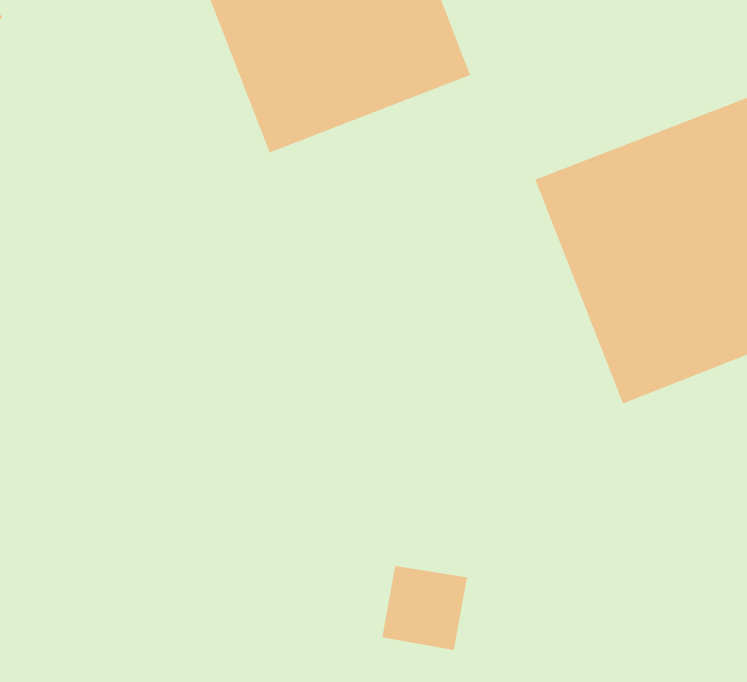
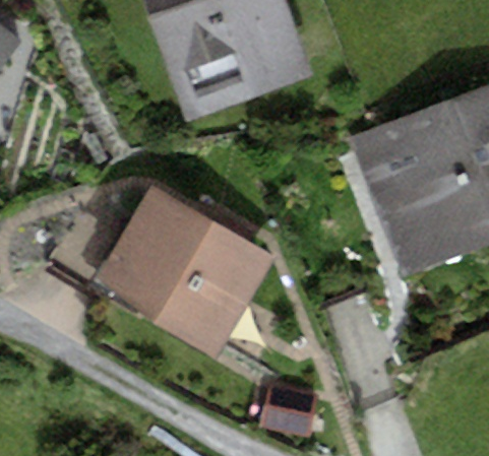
building: none -> [96,183,273,349]

